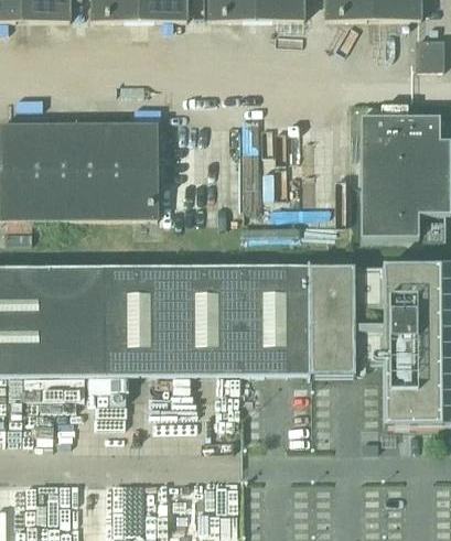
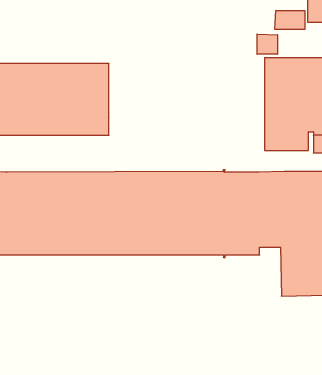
building: none -> [275,11,305,29]
building: none -> [257,34,277,54]

